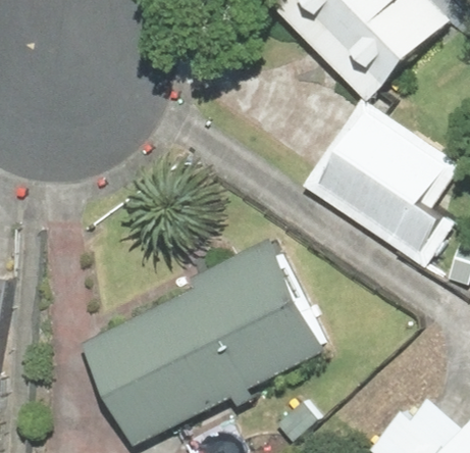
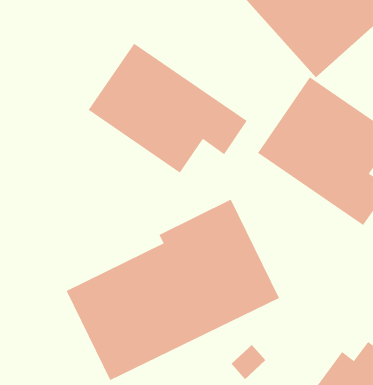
building: none -> [88,43,247,174]

